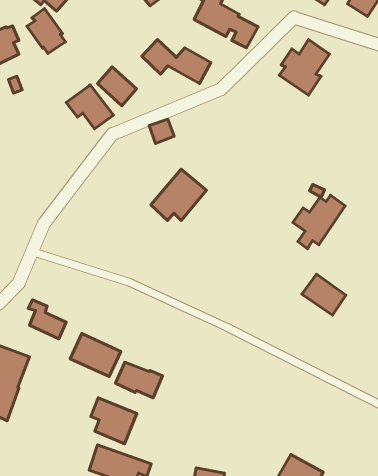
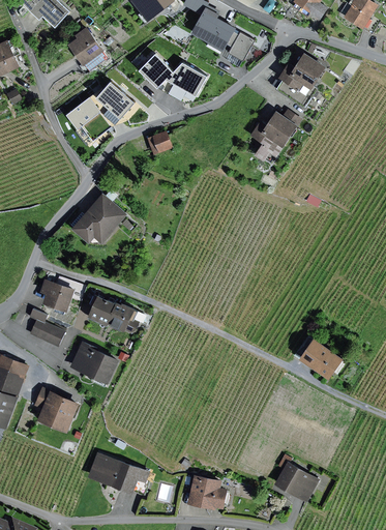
building: [27,8,66,54] -> [68,26,107,70]
building: [151,169,206,221] -> [71,194,126,244]
building: [293,195,345,249] -> [249,109,301,161]
building: none -> [39,279,73,312]
building: [302,274,346,315] -> [299,338,343,379]
building: [115,362,163,398] -> [88,295,135,330]
building: [91,398,137,444] -> [33,387,79,433]

